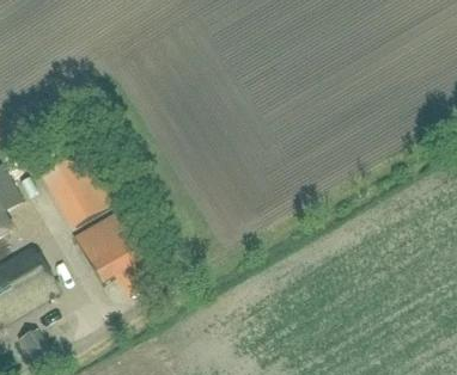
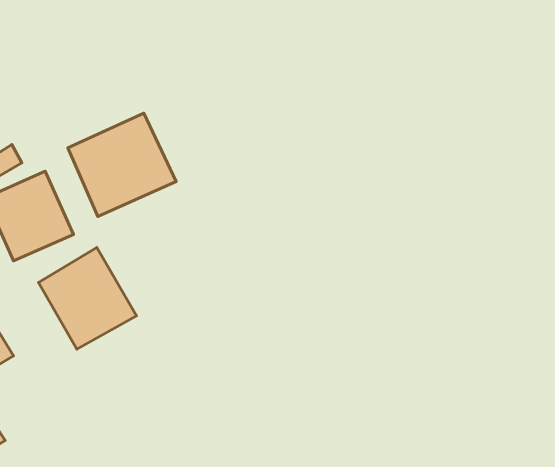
building: none -> [68,113,176,217]

